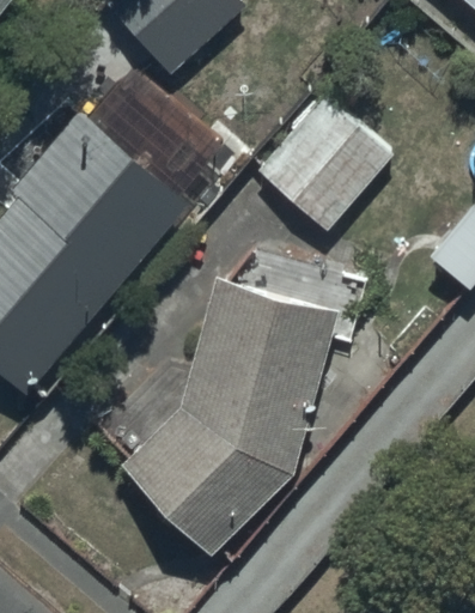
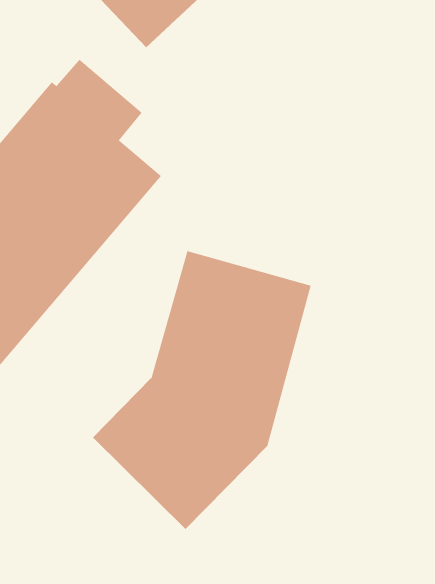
building: [262,98,394,231] -> none

